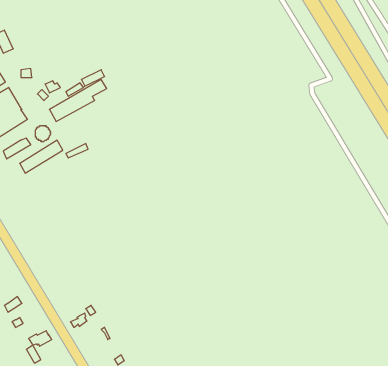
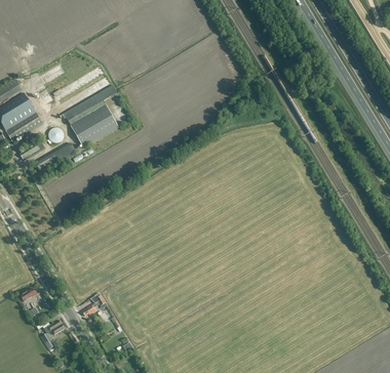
building: none -> [70,106,117,147]

